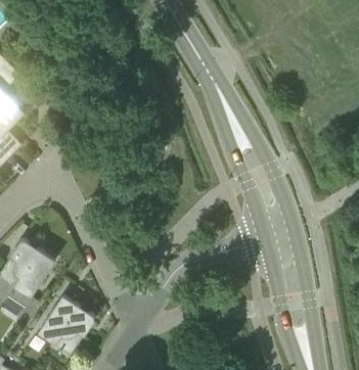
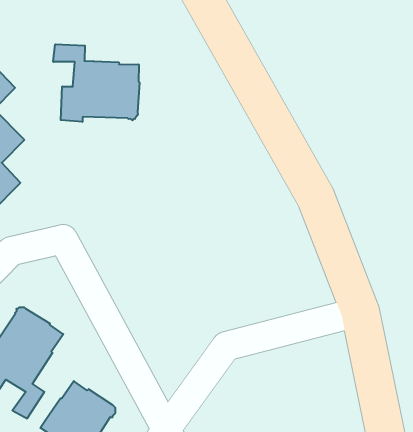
building: none -> [53,44,140,122]

